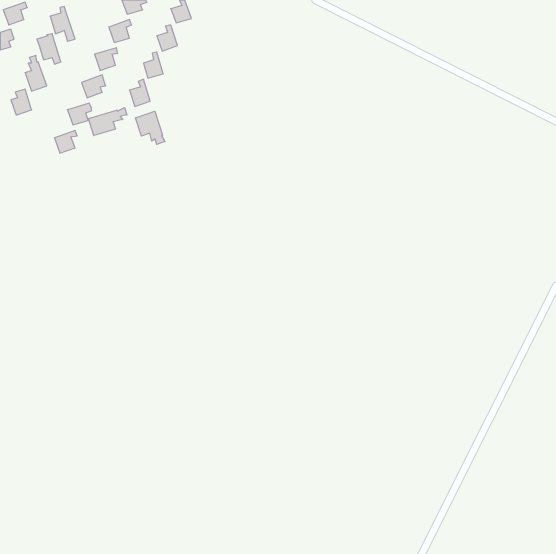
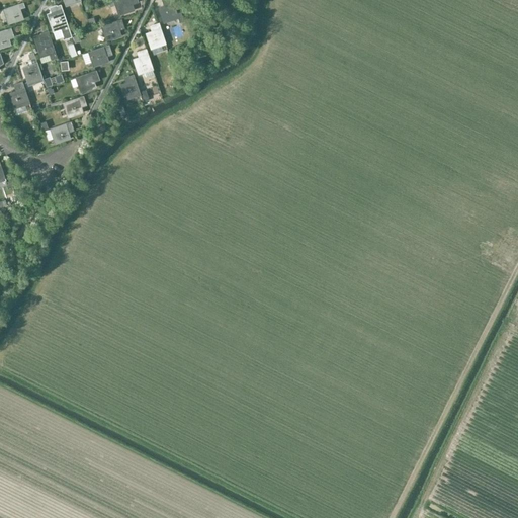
building: [89,108,127,136] -> none
building: [135,111,165,144] -> none

